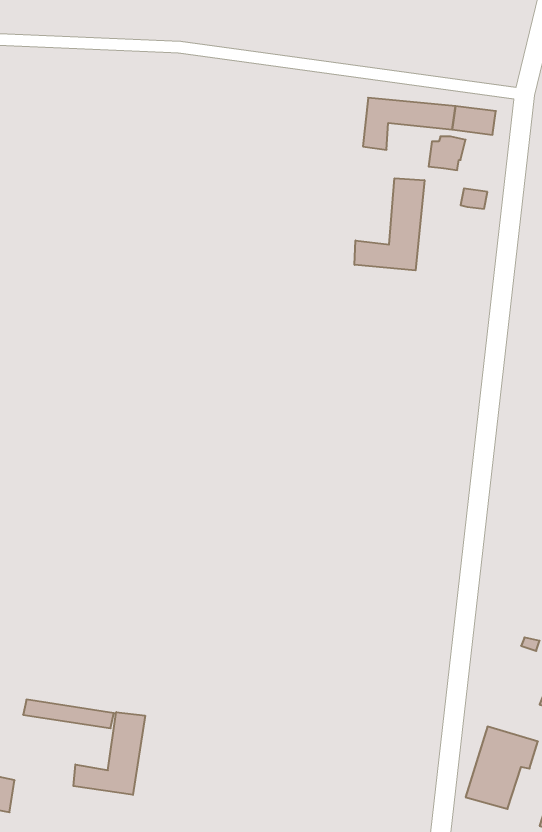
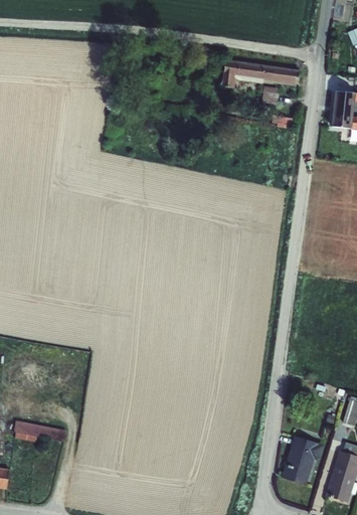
building: [355,178,424,270] -> none
building: [73,712,145,795] -> none

